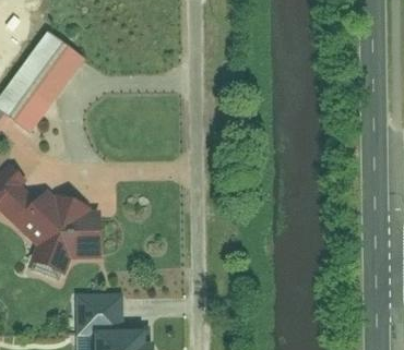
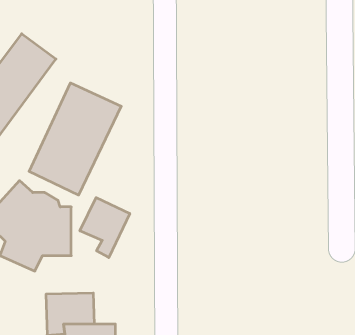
building: none -> [29,83,121,195]
building: none -> [80,198,130,258]

